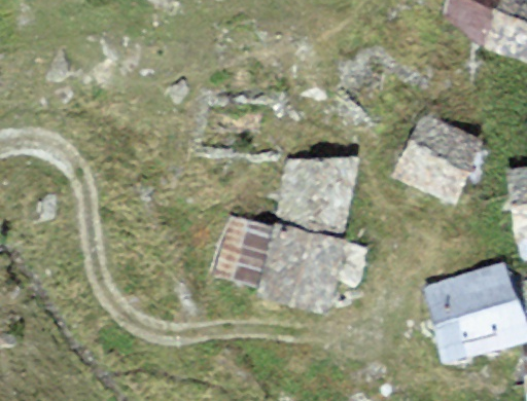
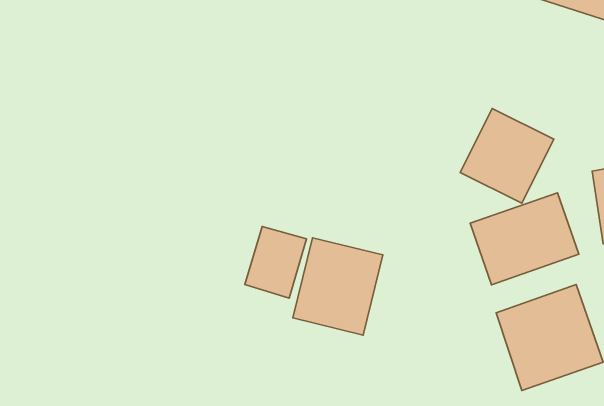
building: [280,160,355,230] -> none
building: none -> [470,193,579,285]

